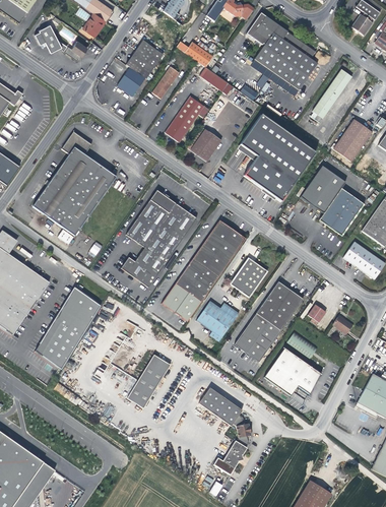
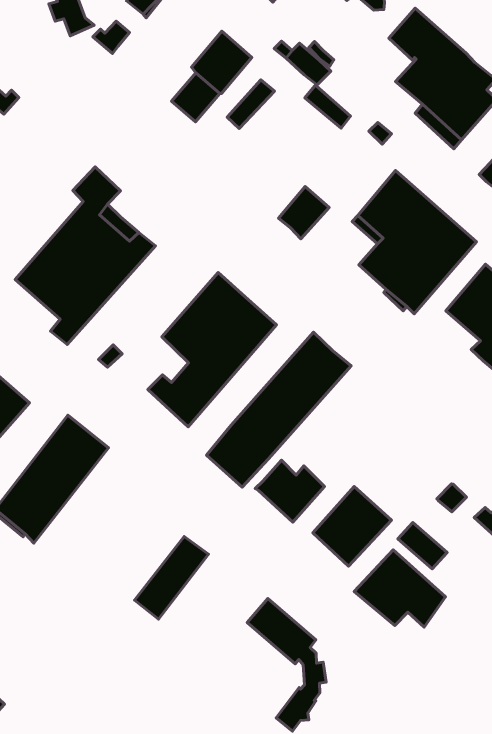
building: [166,97,205,142] -> none
building: [232,257,267,297] -> none
building: [257,281,304,330] -> none

